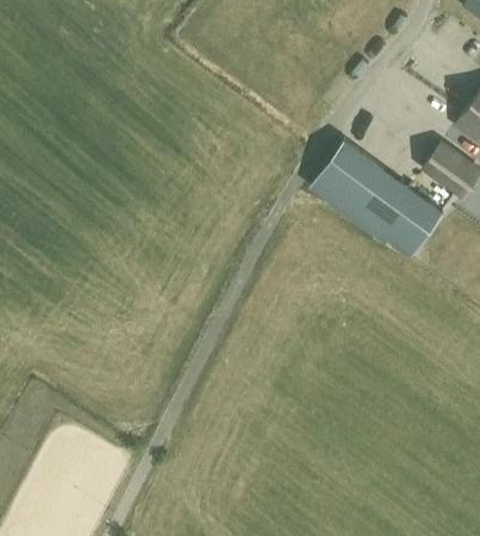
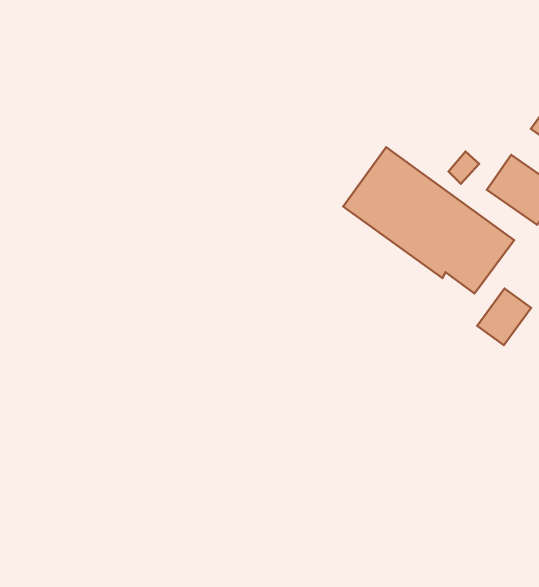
building: none -> [477,288,531,345]

